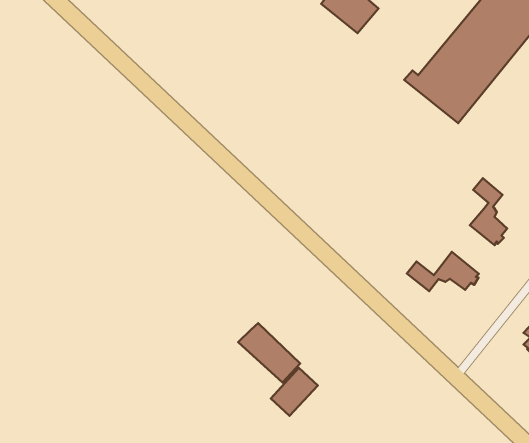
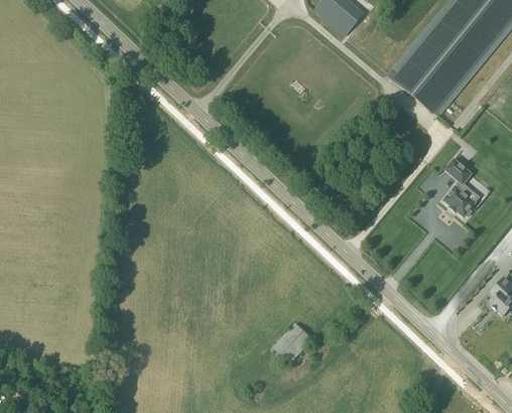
building: [407,252,479,291] -> none
building: [238,323,300,383] -> none

